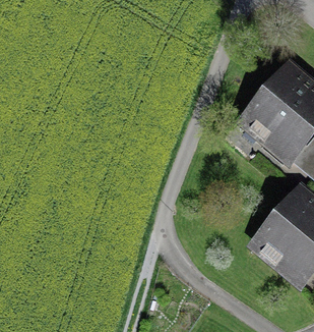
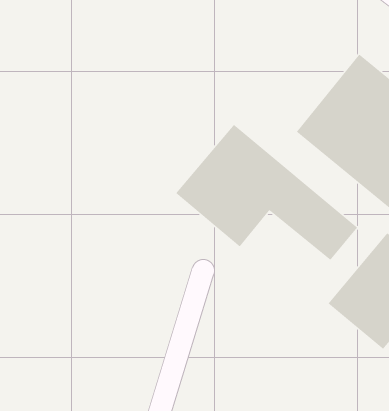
building: none -> [175,124,358,261]

